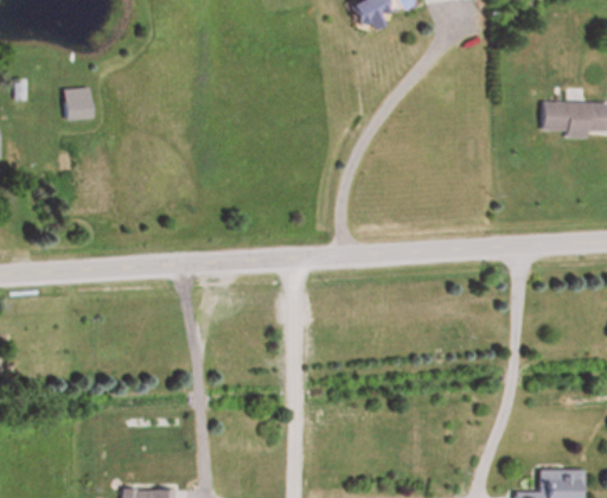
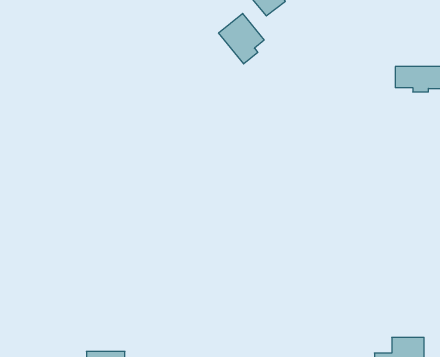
building: none -> [219,13,264,64]
building: [64,87,91,119] -> none

